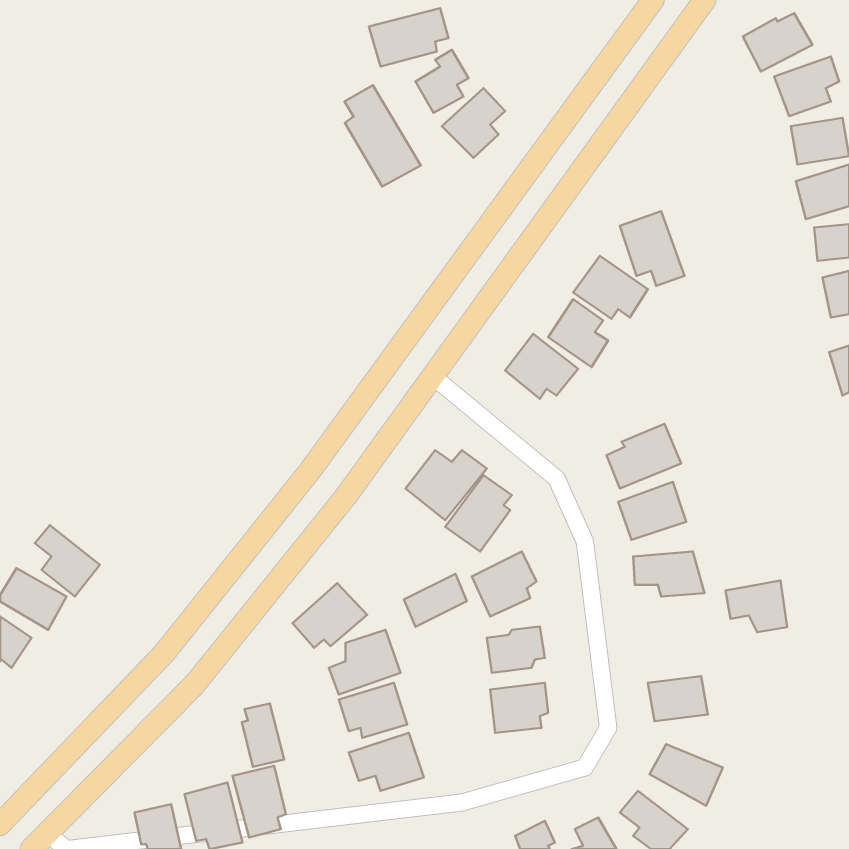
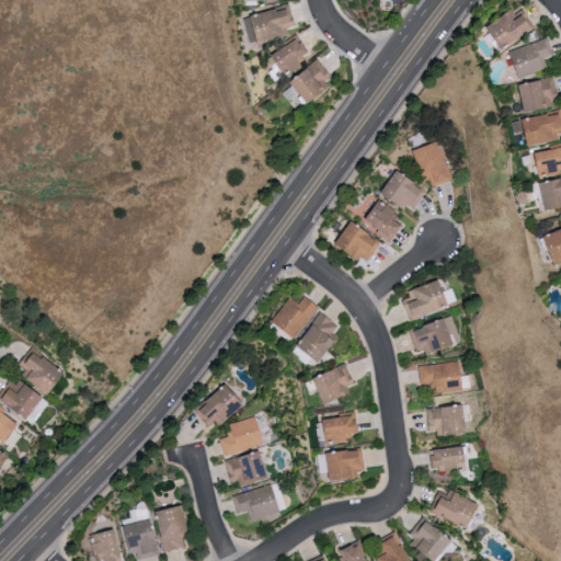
building: [344,85,421,187] -> none
building: [404,574,467,627] -> none
building: [726,581,787,632] -> [425,405,466,439]
building: [242,703,284,767] -> none

